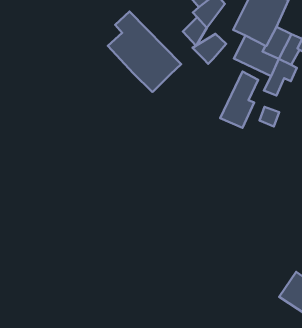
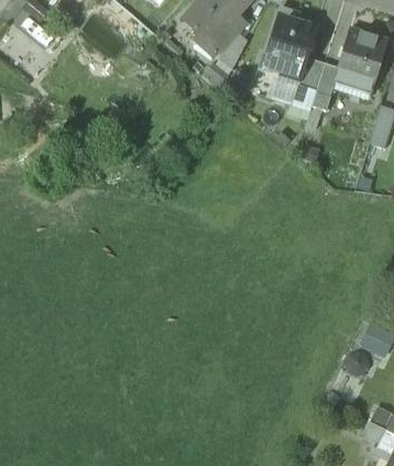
building: [108,12,181,92] -> none
building: [193,34,226,64] -> none
building: [220,72,258,128] -> none

